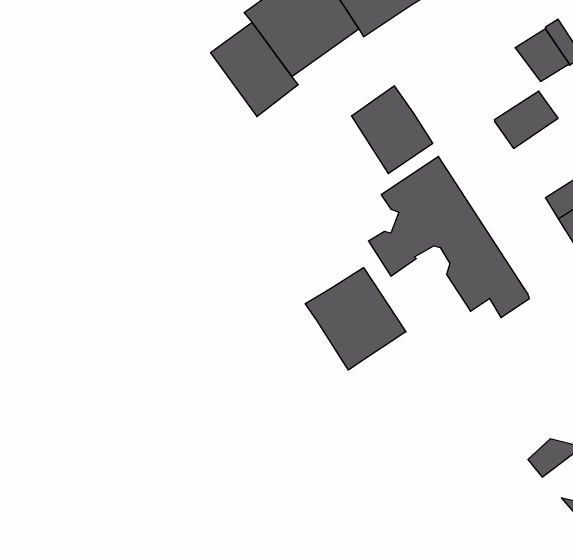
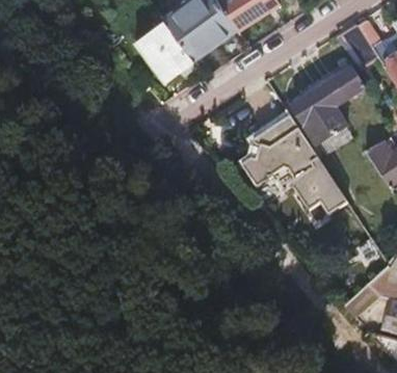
building: [351,86,433,174] -> [296,86,349,143]
building: [305,268,406,370] -> none

